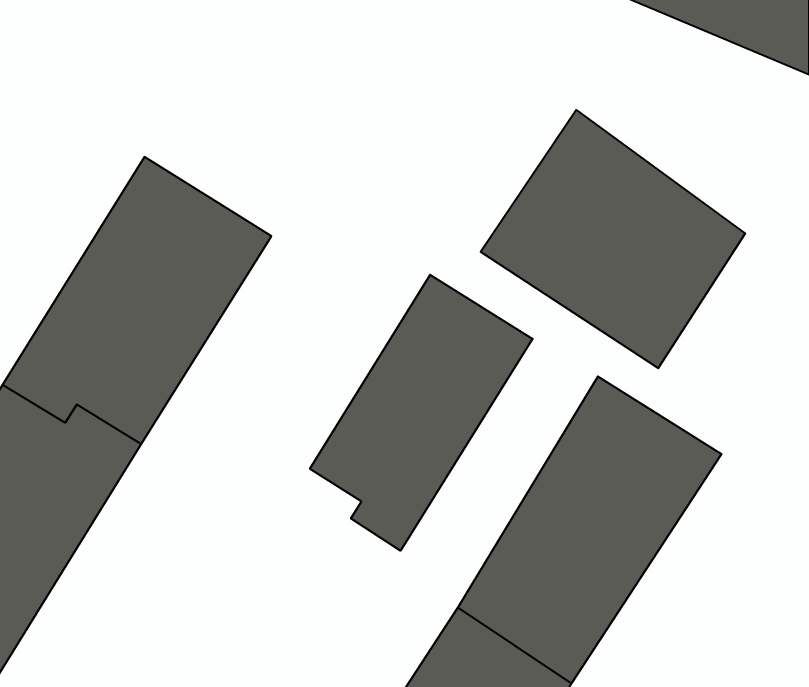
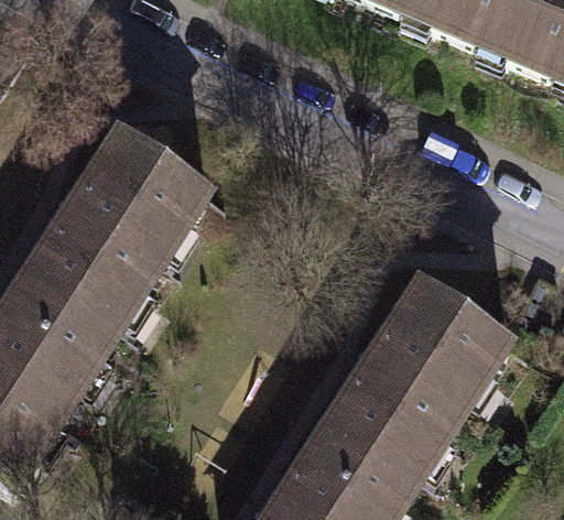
building: [481,110,745,368] -> none
building: [310,275,533,551] -> none

